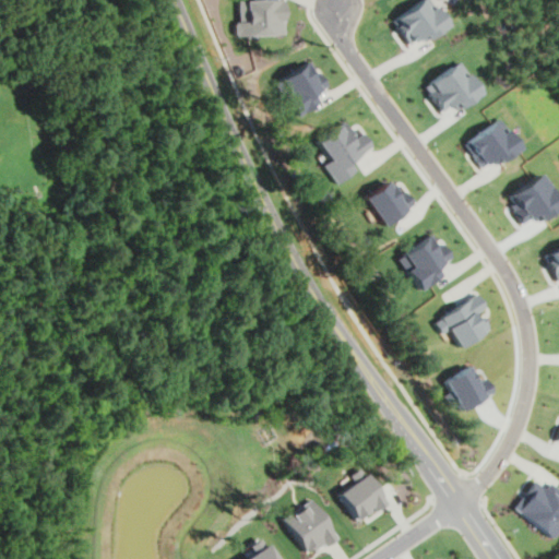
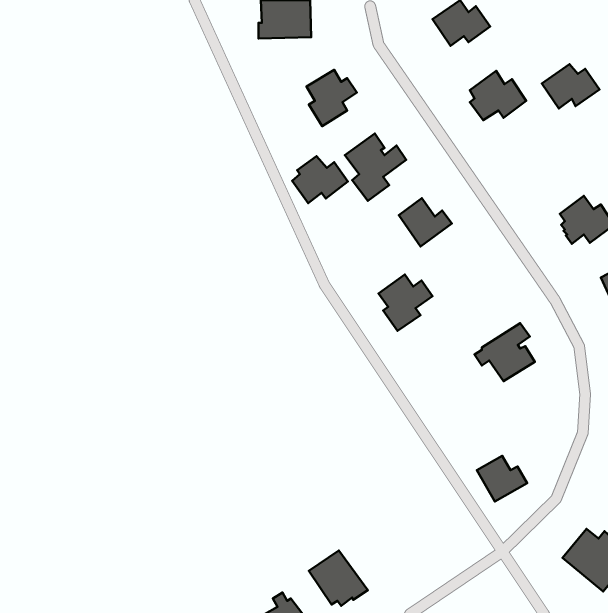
building: [472,124,524,165] -> [542,64,600,109]
building: none -> [292,156,348,203]
building: [405,238,454,289] -> [378,274,432,331]
building: [449,367,495,408] -> [477,456,527,501]
building: [341,469,389,522] -> none

